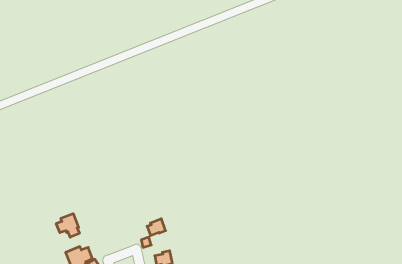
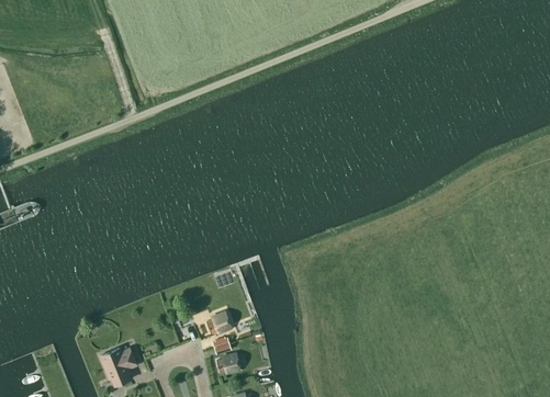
building: [56,214,79,237] -> none

